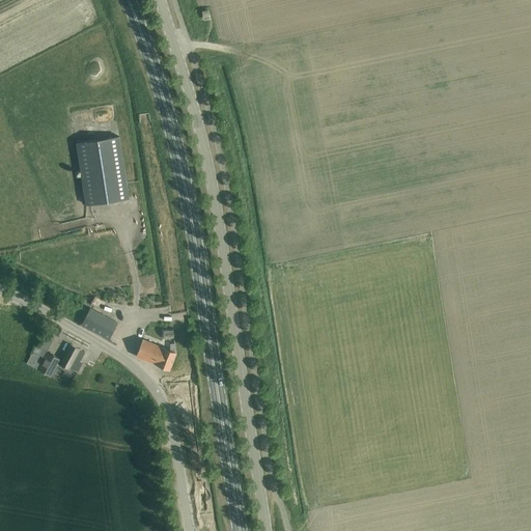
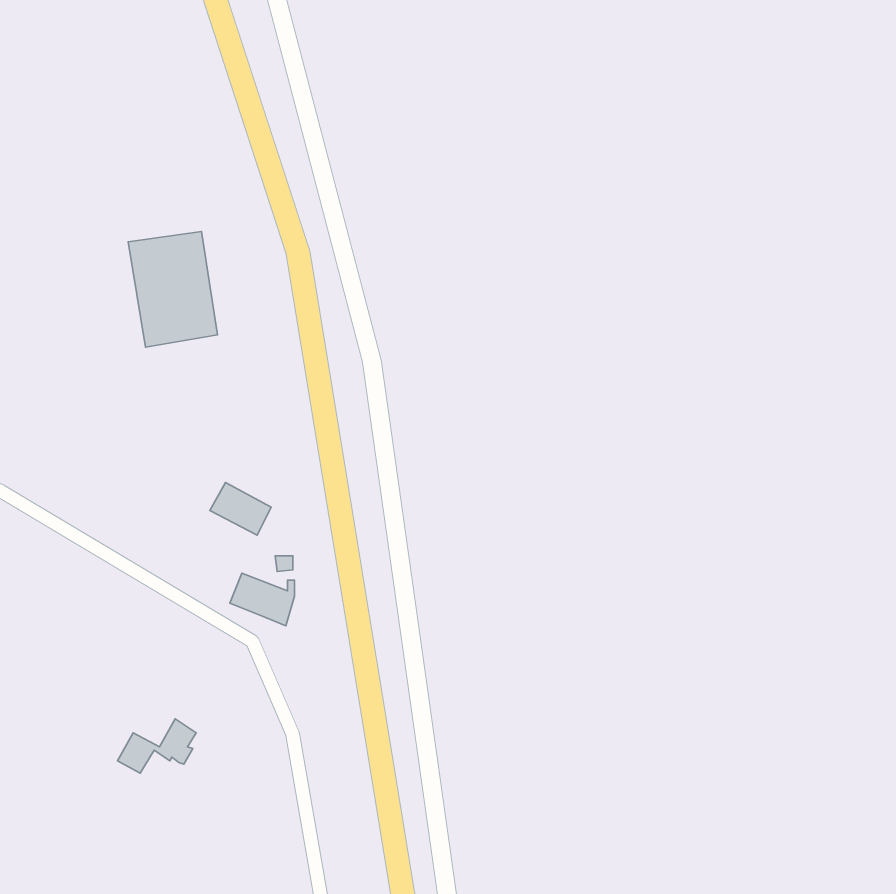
building: [80,308,116,339] -> [210,483,271,535]
building: [36,344,83,376] -> [117,719,196,773]

